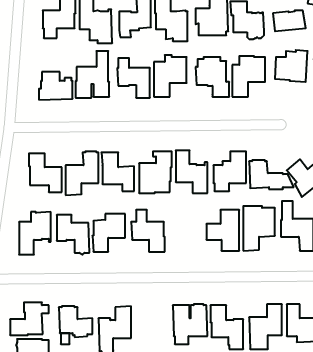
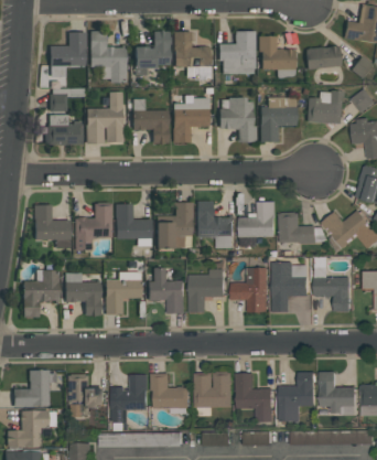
building: none -> [49,88,83,110]
building: none -> [187,269,224,312]
building: none -> [150,373,188,414]

